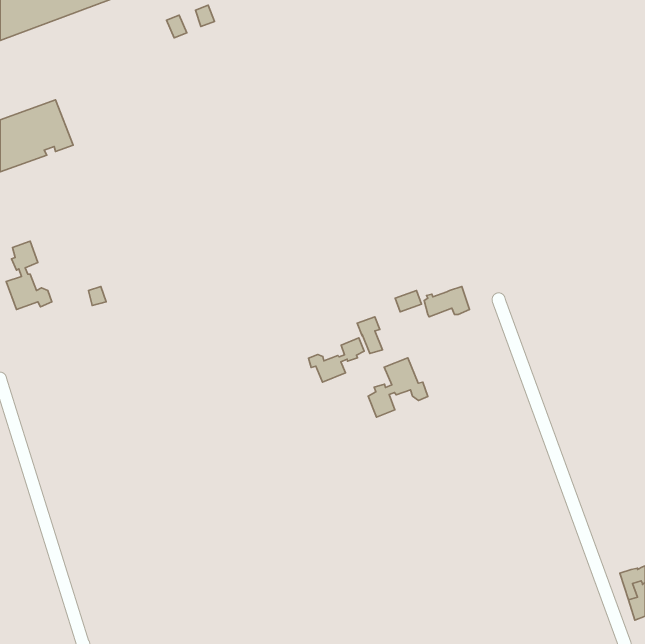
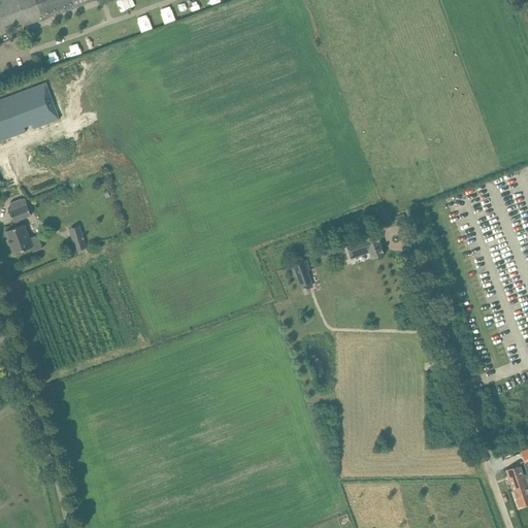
building: [308,338,364,382] -> none
building: [368,358,428,417] -> none

